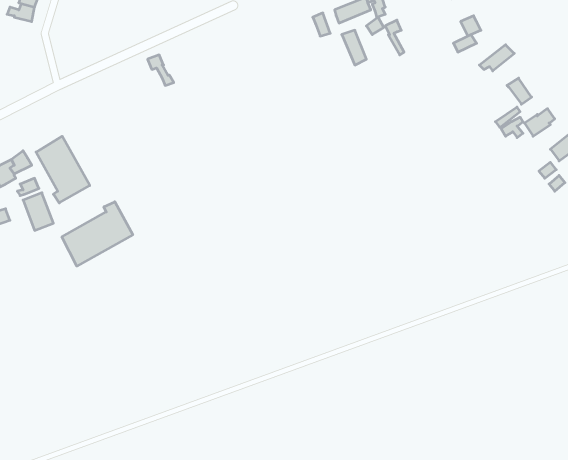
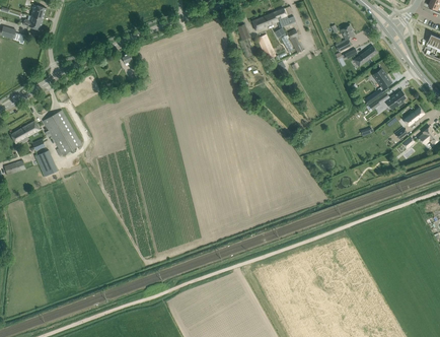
building: [62,202,133,266] -> none

